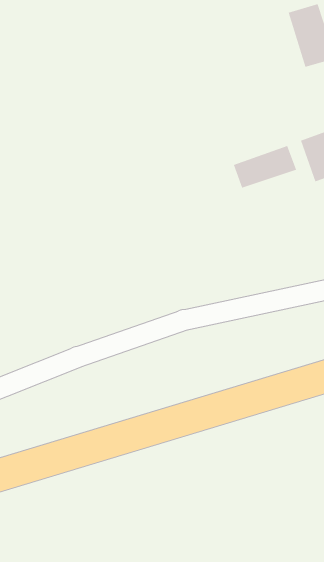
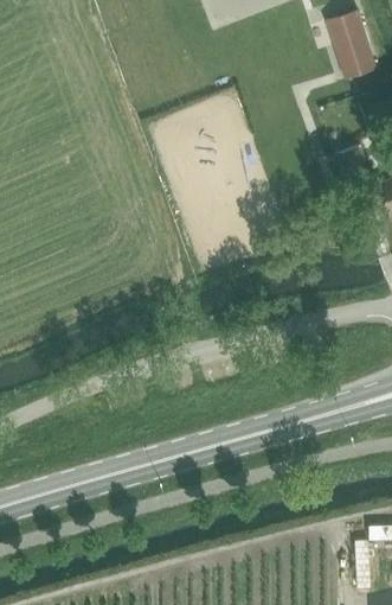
building: [233,145,297,188] -> none

